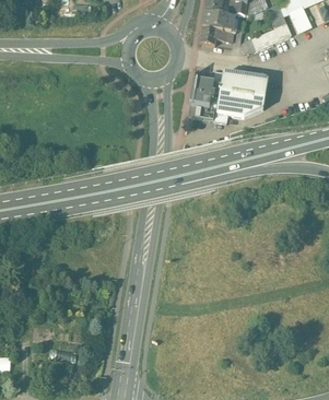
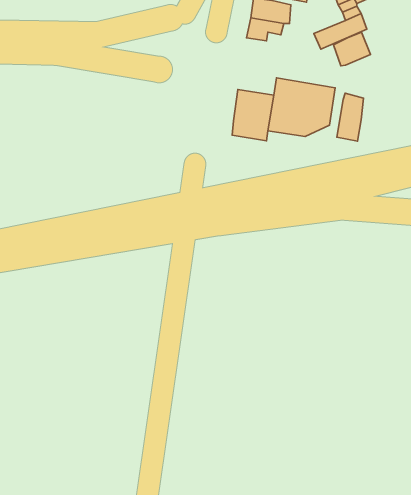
building: none -> [334,32,371,66]
building: none -> [337,93,364,141]

